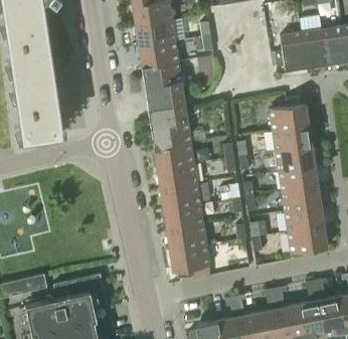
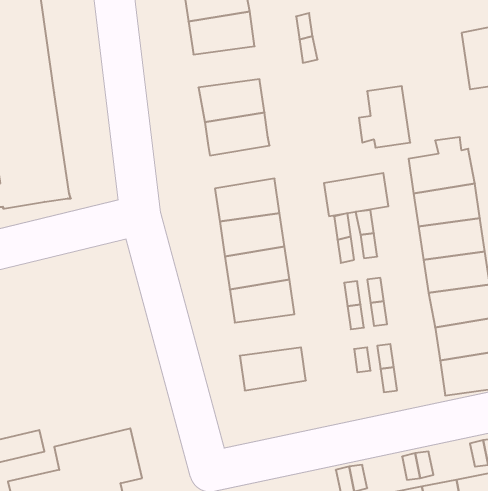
building: [275,33,306,70] -> [359,86,410,148]
building: [138,41,178,66] -> none
building: [148,102,187,128] -> [324,173,388,216]
building: [163,204,203,229] -> none
building: [169,244,209,279] -> none

